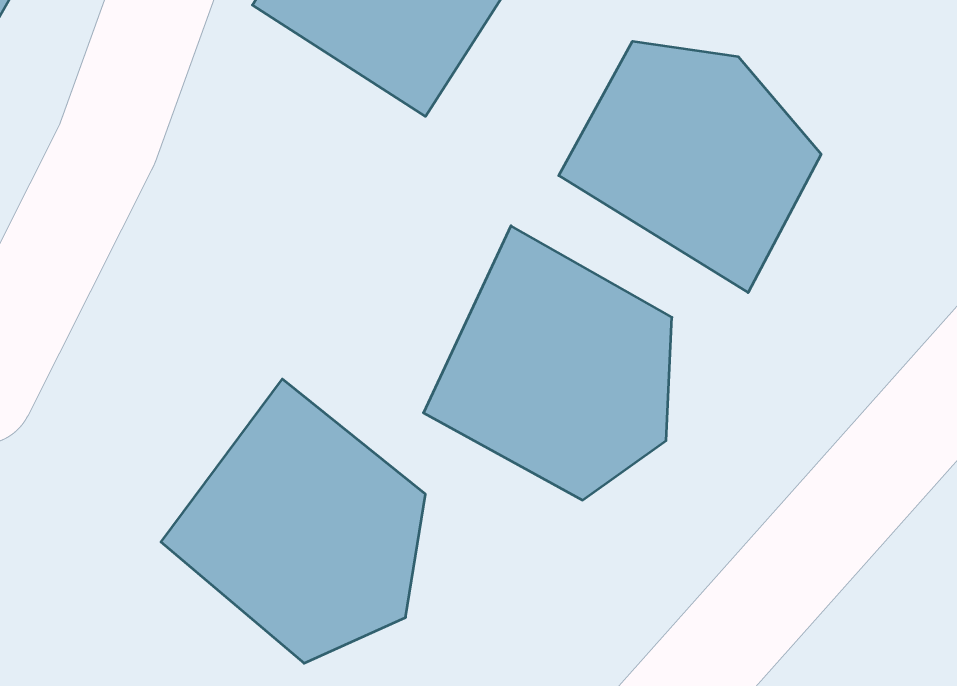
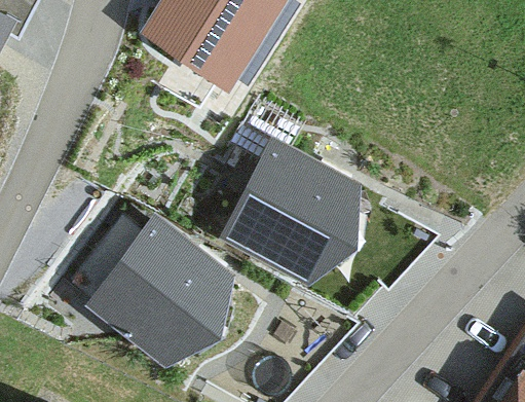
building: [559,41,821,293] -> none

